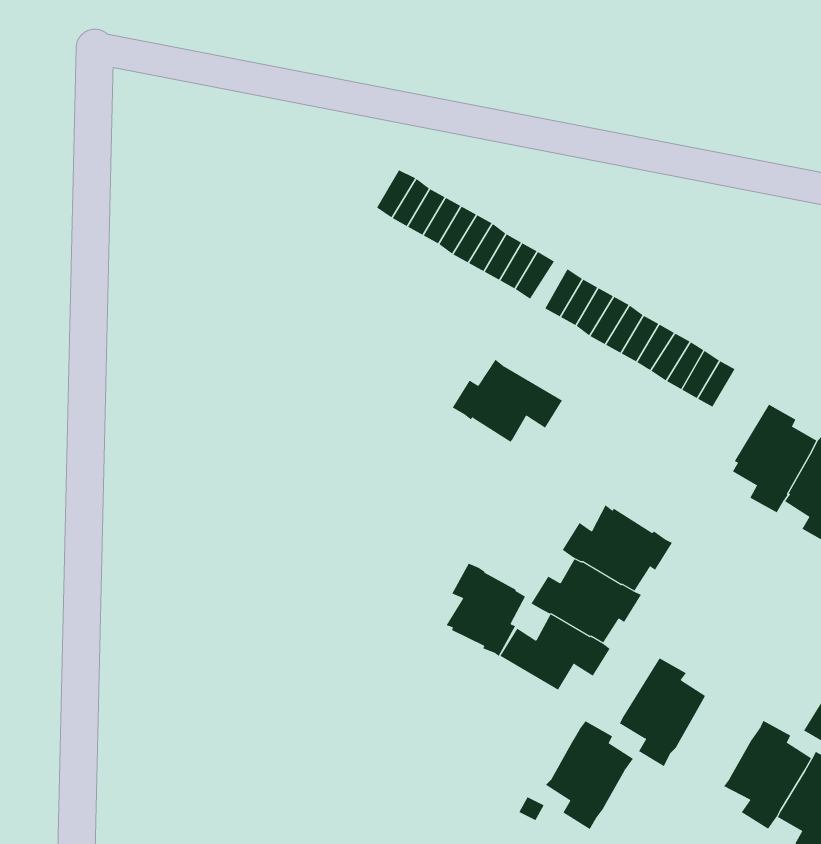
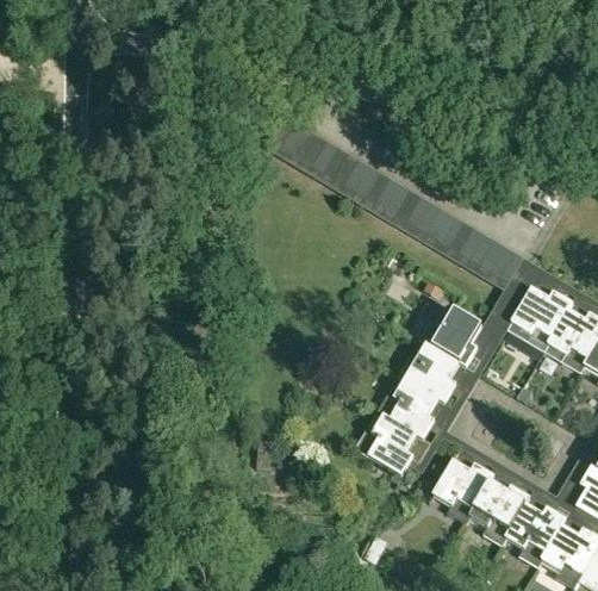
building: [452,359,563,442] -> [416,310,492,367]
building: [446,563,526,657] -> none
building: [545,720,634,830] -> [469,474,530,549]

